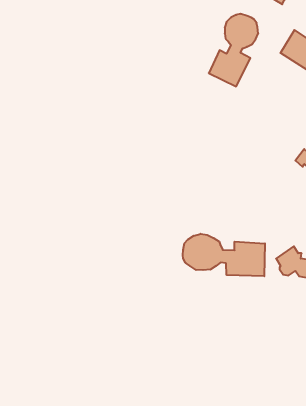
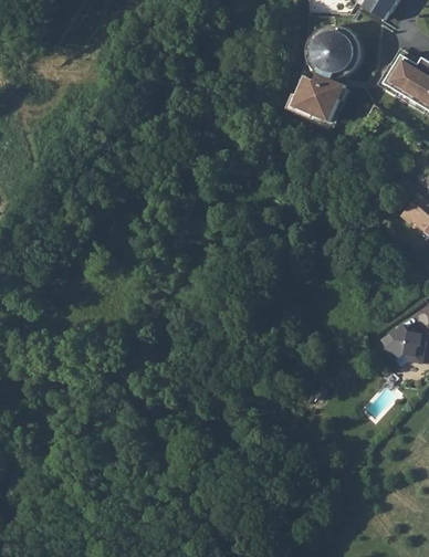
building: [183,234,265,276] -> none

